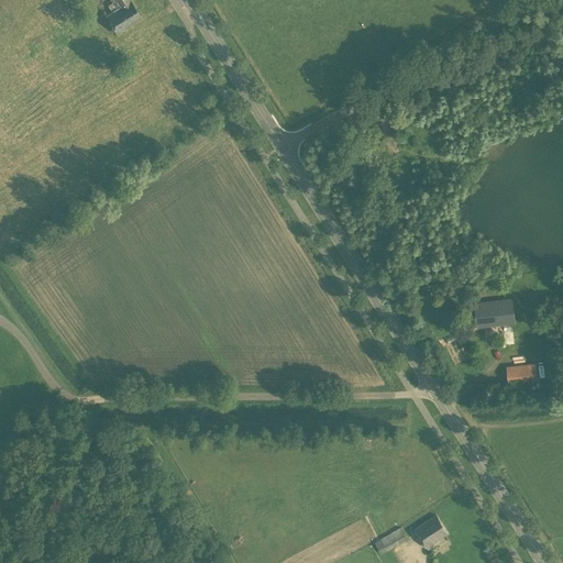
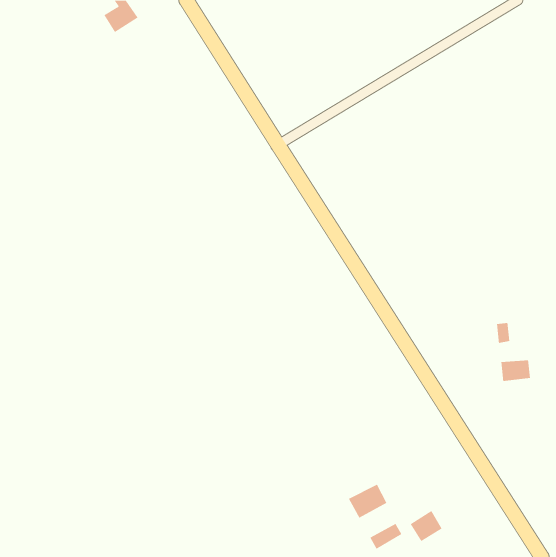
building: [474,300,514,327] -> none
building: none -> [348,484,387,519]

